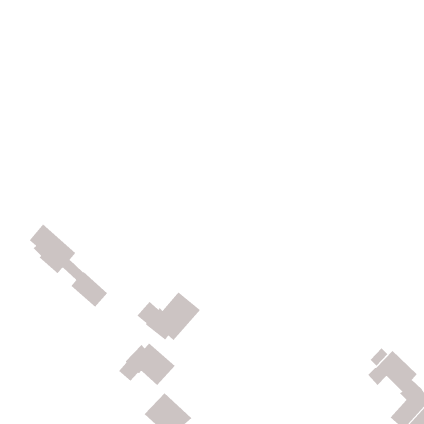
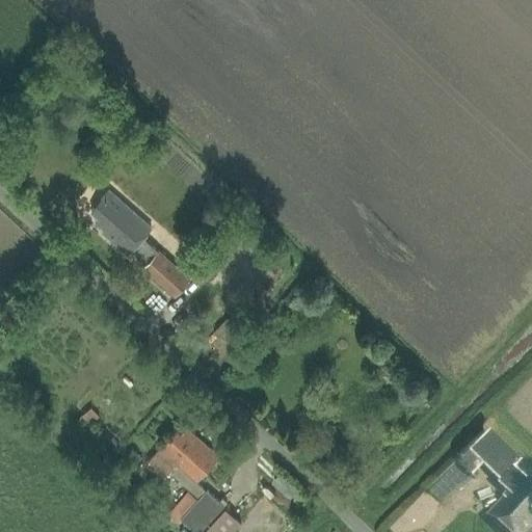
building: [29,223,108,307] -> [92,192,191,297]
building: [137,291,201,341] -> none

